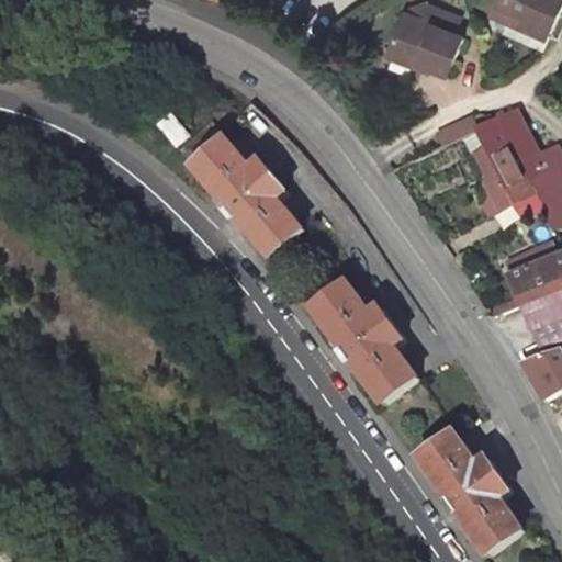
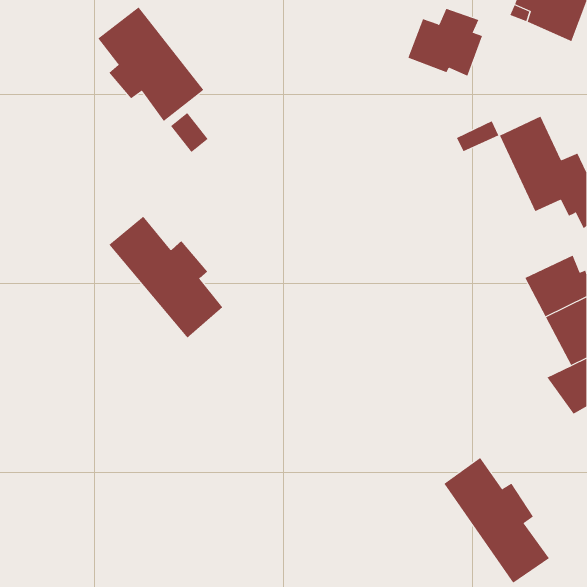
building: none -> [98,7,204,122]
building: [196,143,305,259] -> [109,216,223,339]
building: [312,283,418,407] -> none

